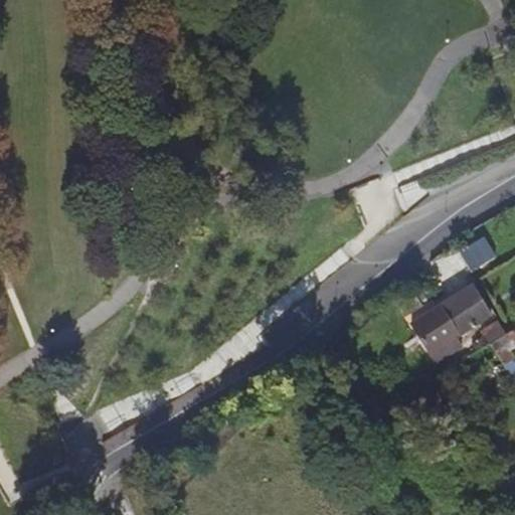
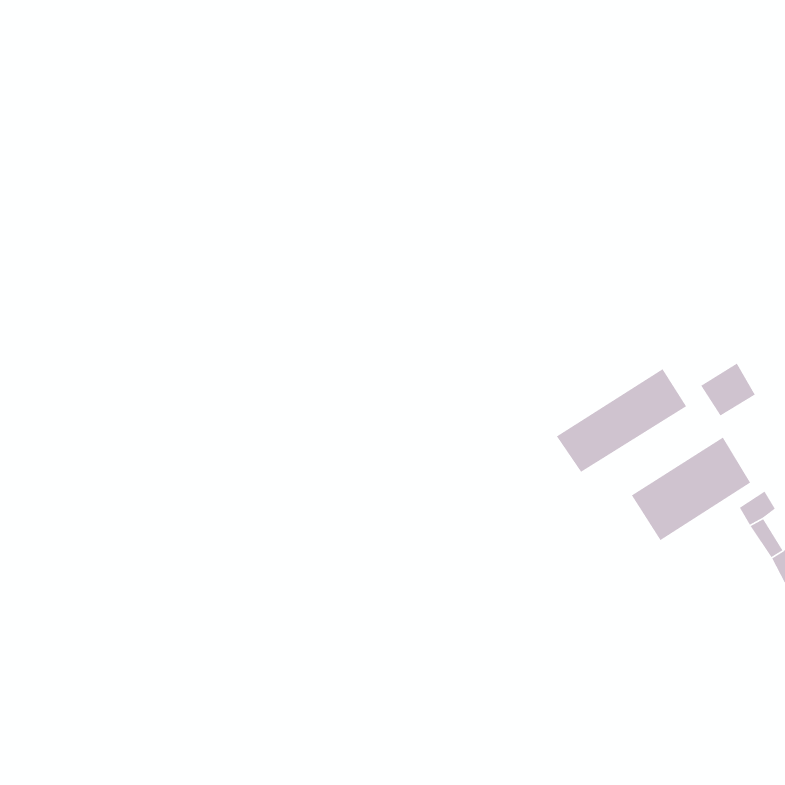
building: none -> [556,368,687,473]

